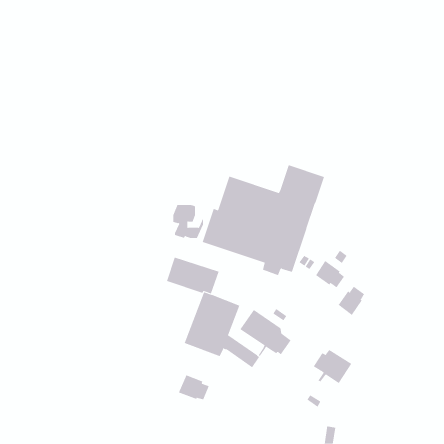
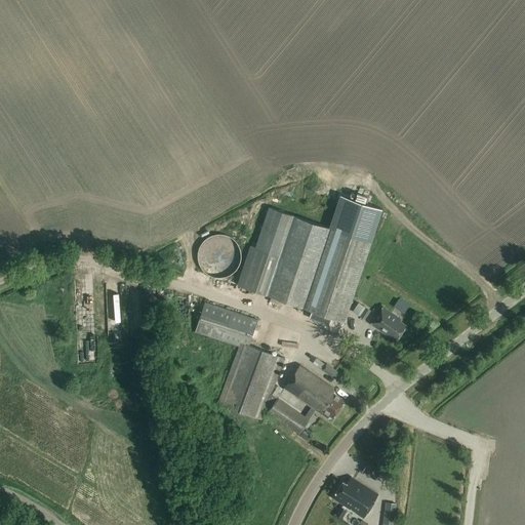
building: [338,286,365,316] -> none
building: [313,349,352,384] -> [330,477,376,518]
building: [178,374,209,400] -> none

